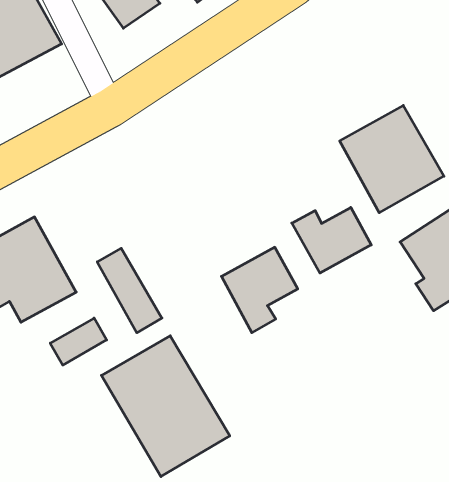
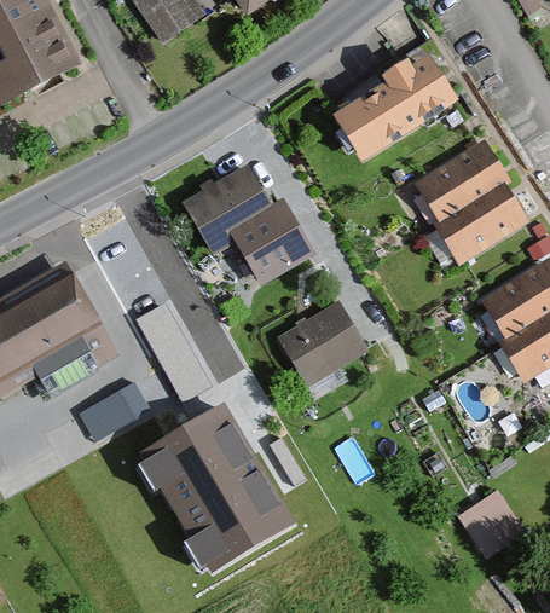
building: none -> [337,56,453,156]
building: none -> [184,167,307,279]
building: [292,207,371,273] -> none
building: none -> [455,486,523,555]

